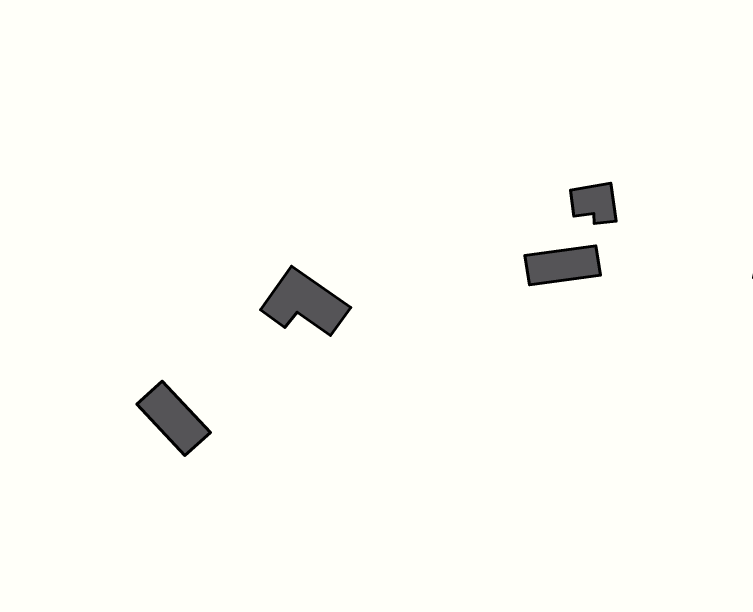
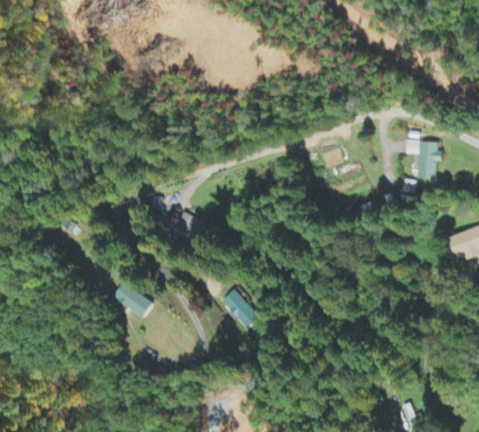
building: [525,246,600,285] -> none
building: none -> [220,288,259,328]

